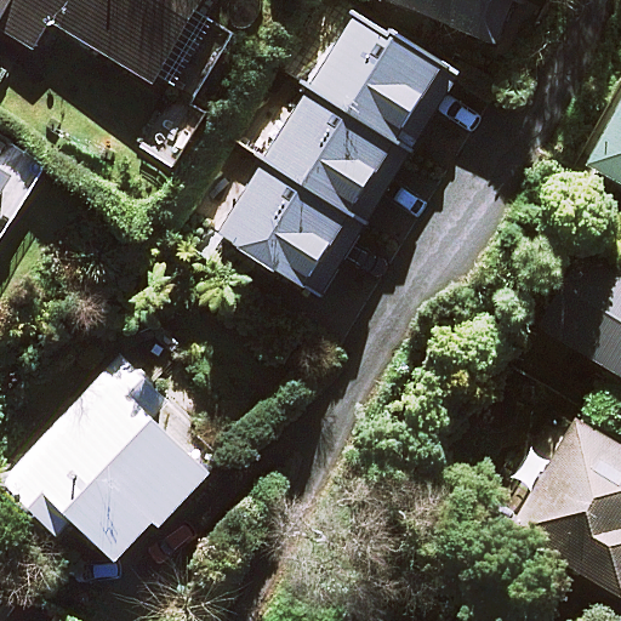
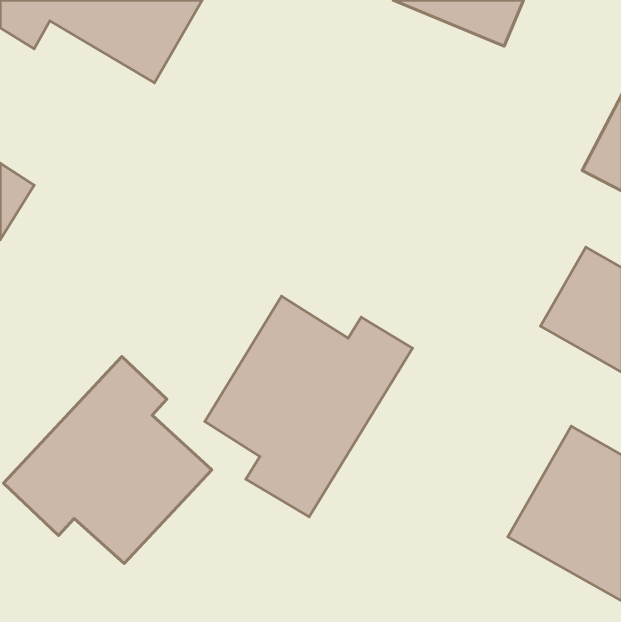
building: [220,8,444,284] -> none
building: none -> [205,296,413,517]

